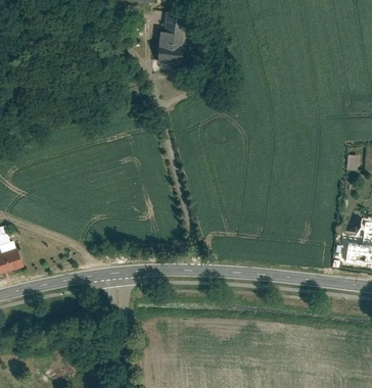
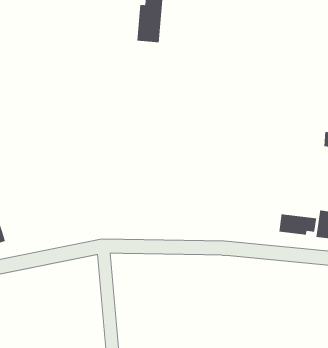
building: none -> [279,213,317,236]

